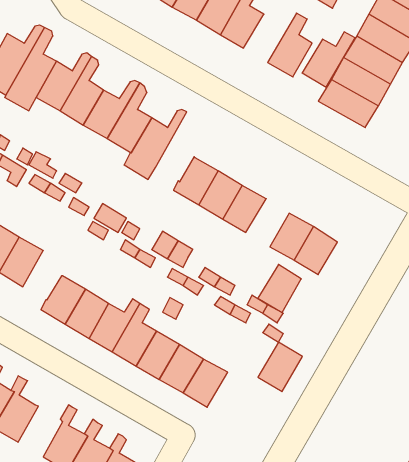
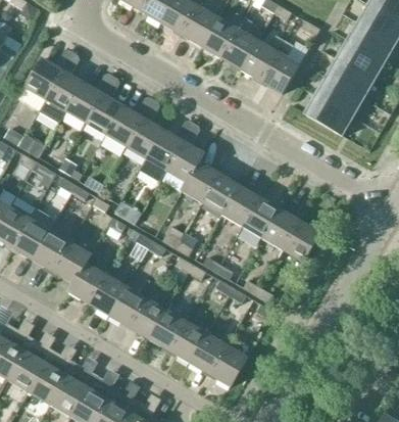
building: [302,32,355,87] -> [240,35,285,82]
building: none -> [165,124,204,183]
building: none -> [53,241,91,283]
building: [258,264,301,313] -> [242,197,279,238]
building: [258,342,302,392] -> [209,344,247,386]
building: none -> [49,360,87,416]

